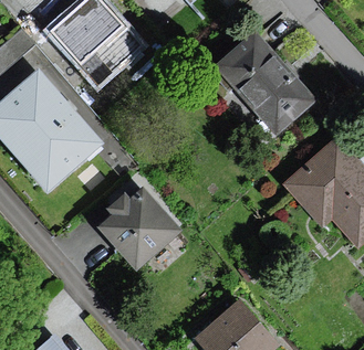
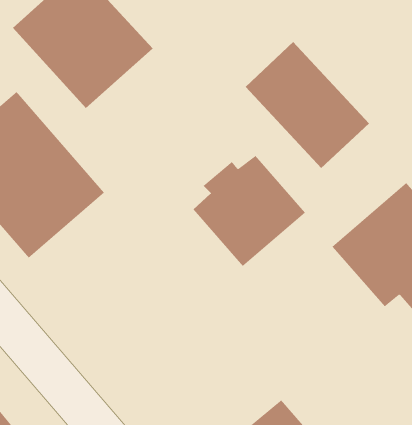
building: [98,189,184,273] -> [193,155,306,267]

